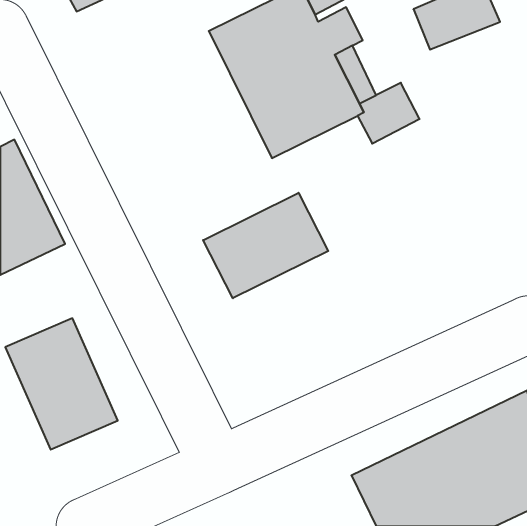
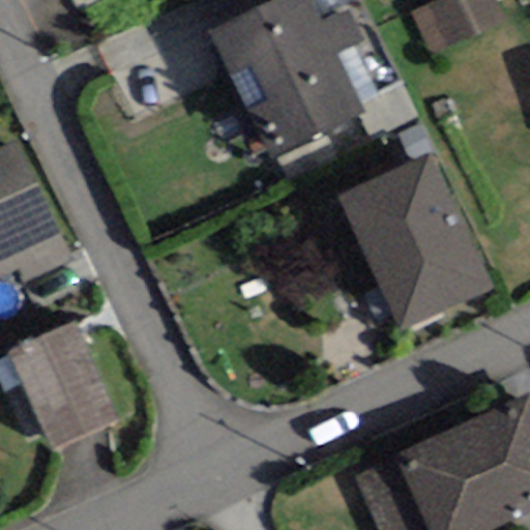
building: none -> [335,153,495,332]
building: [203,193,328,298] -> none

